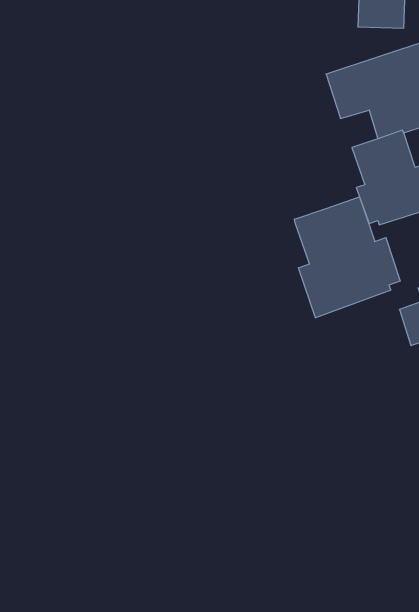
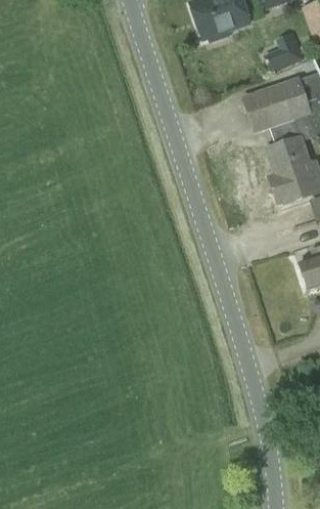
building: [294,197,400,318] -> none

